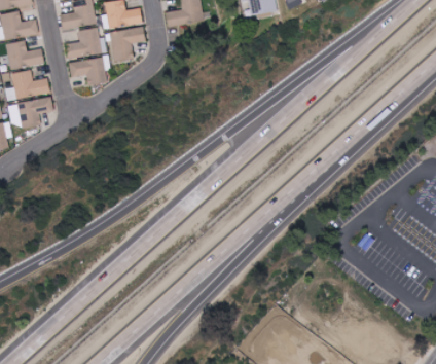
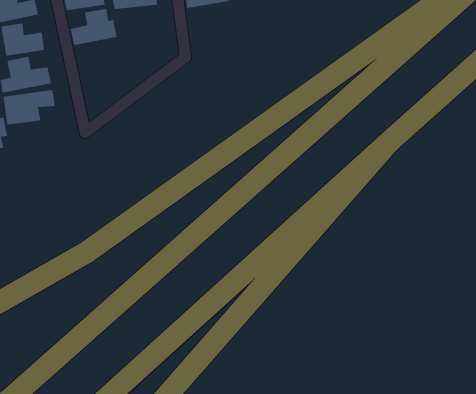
building: [111,28,145,62] -> none
building: [69,57,108,86] -> none

